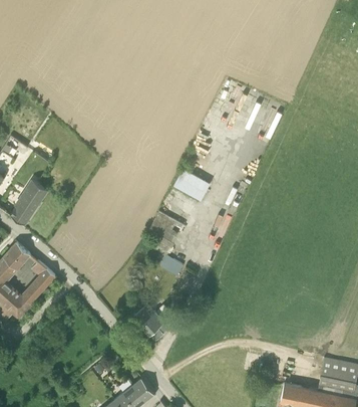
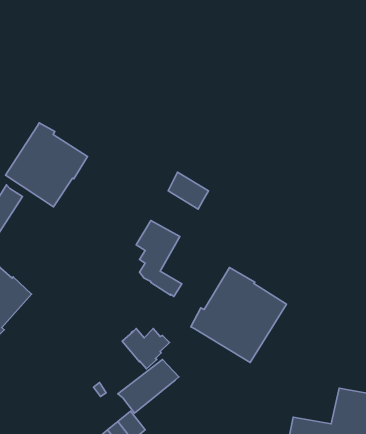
building: none -> [5,123,88,207]
building: none -> [191,268,286,363]
building: none -> [118,359,179,413]

